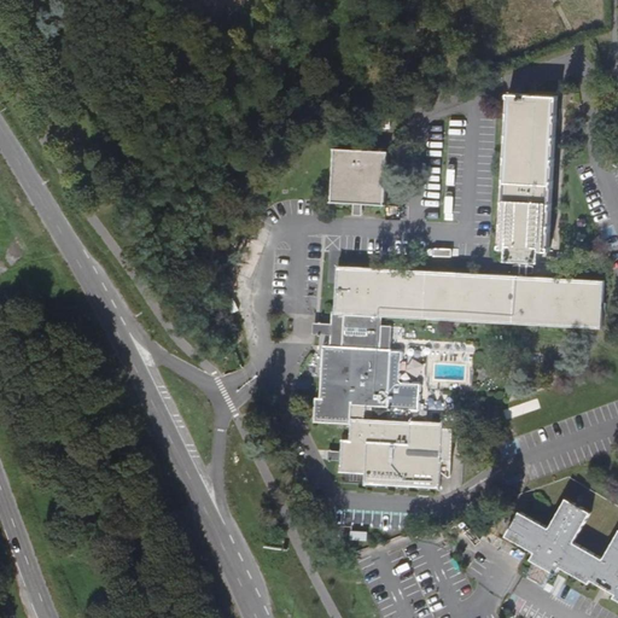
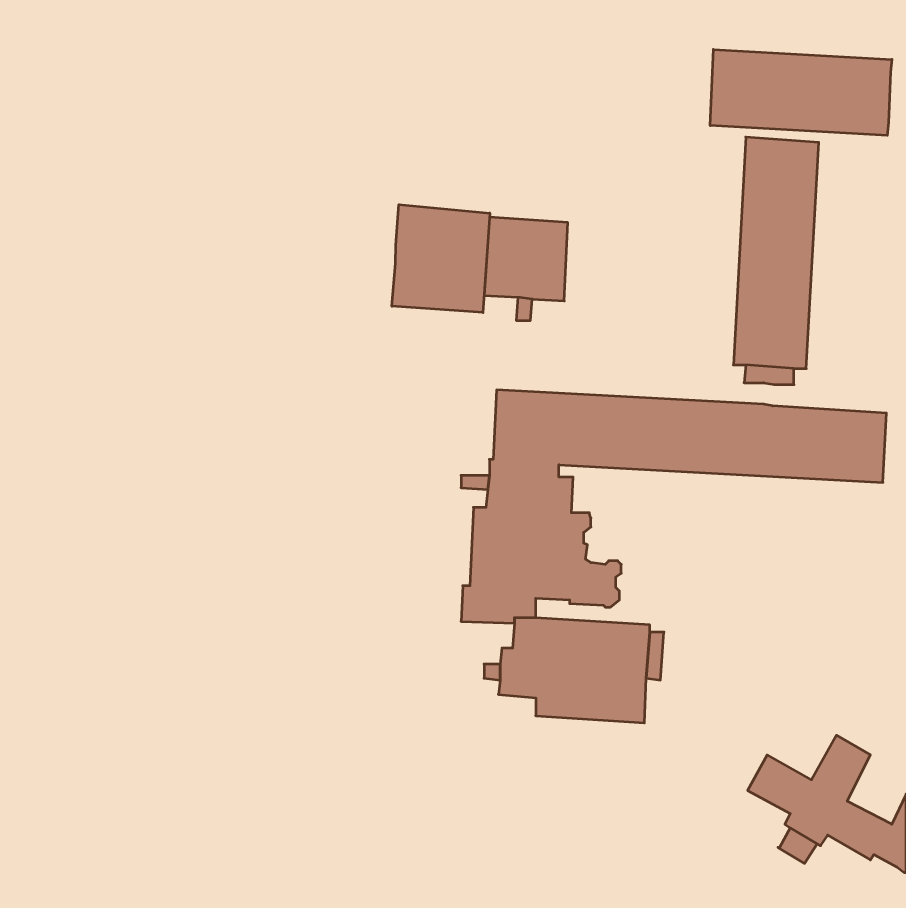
building: none -> [710,49,892,135]
building: none -> [392,205,490,313]

